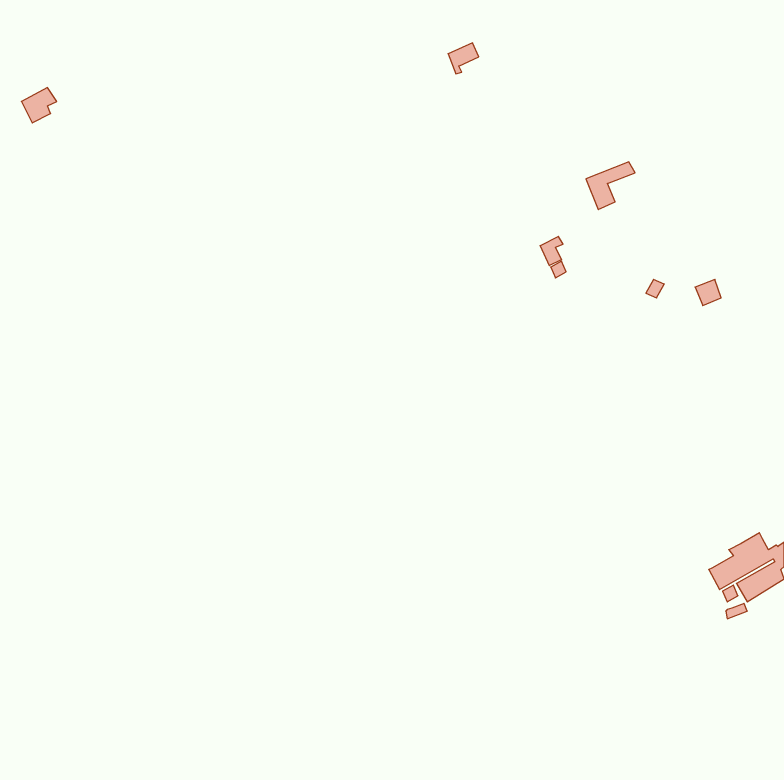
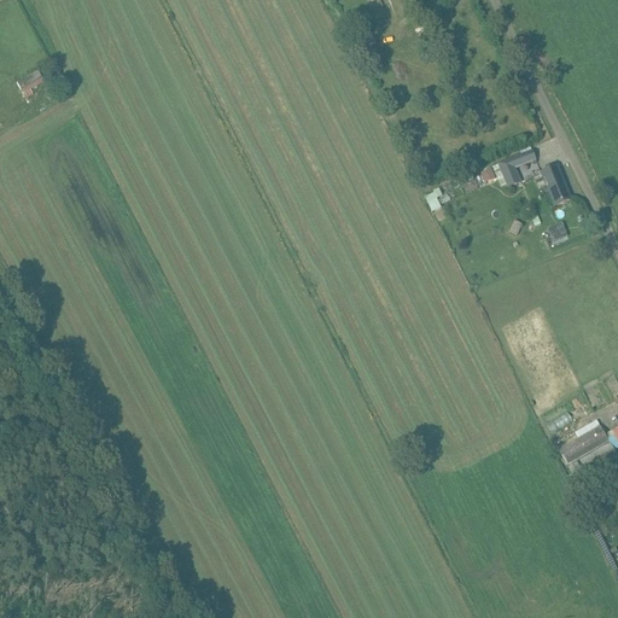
building: [586,162,635,210] -> [497,148,536,186]
building: none -> [541,164,571,204]

